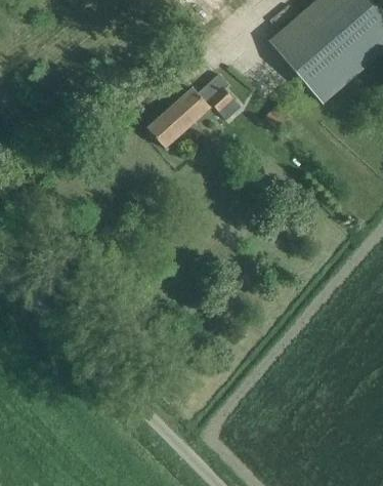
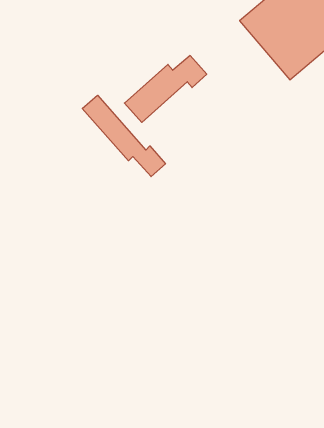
building: none -> [82,95,165,177]

